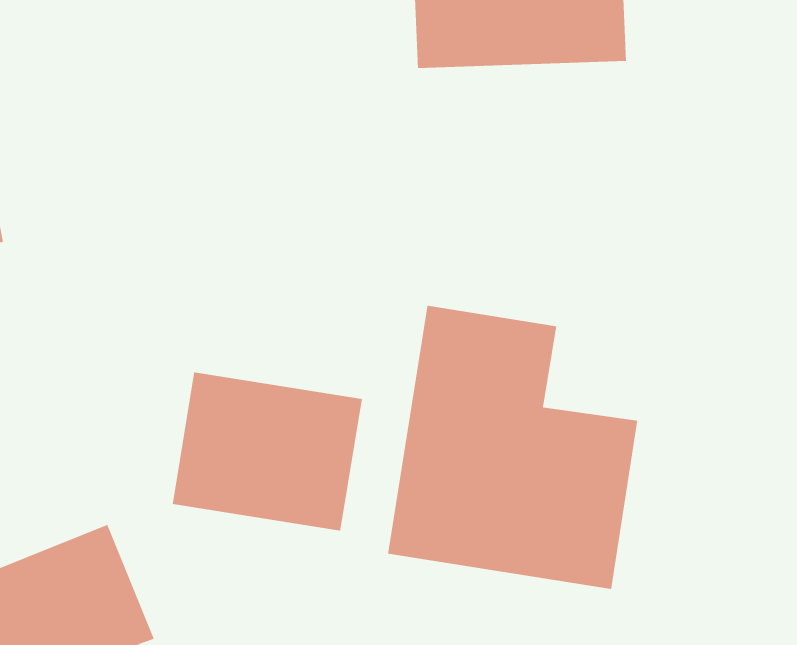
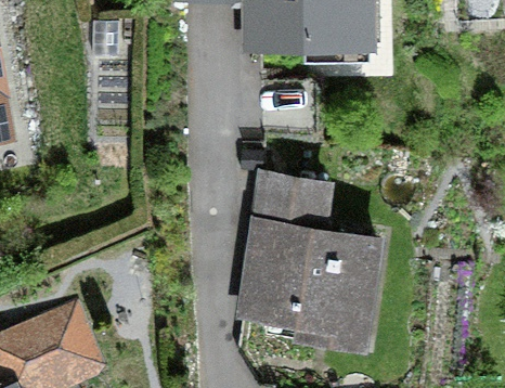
building: [172,372,363,531] -> none

